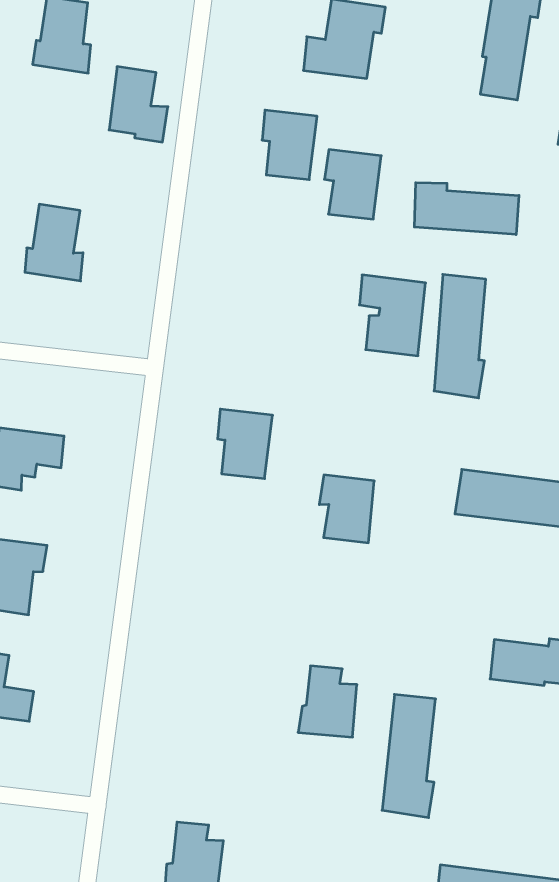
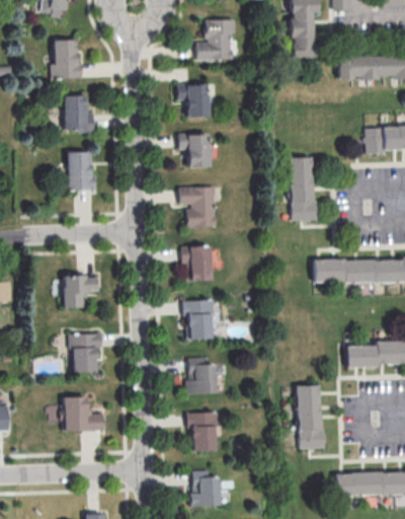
building: [109,67,168,142] -> [64,96,94,133]
building: [324,150,381,219] -> [180,134,210,169]
building: [414,183,519,235] -> none
building: [359,275,426,356] -> [179,188,216,228]
building: [319,475,374,543] -> [183,301,213,336]
building: [298,666,357,737] -> [187,358,217,395]
building: none -> [186,414,216,449]

